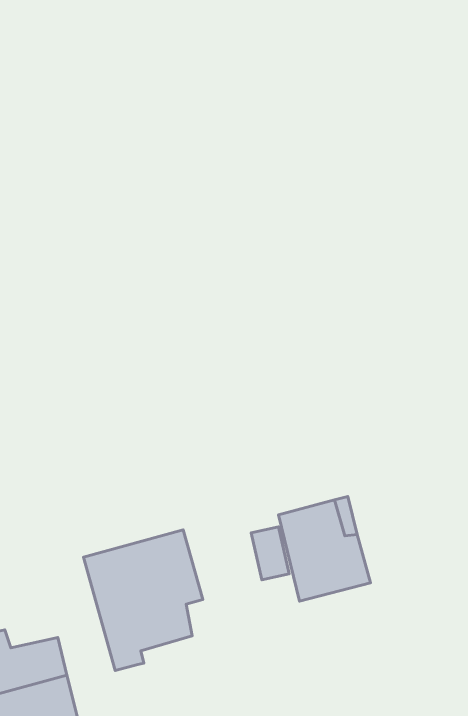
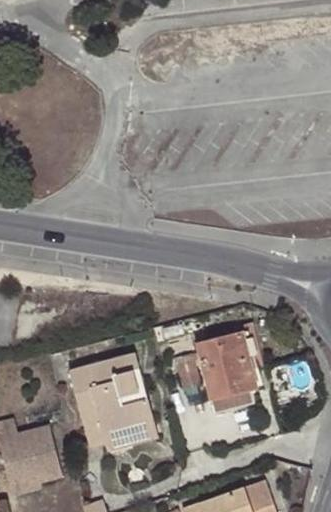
building: none -> [103,398,156,450]

